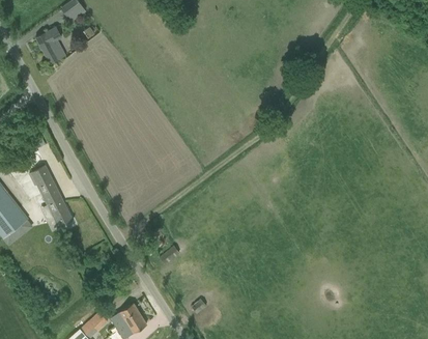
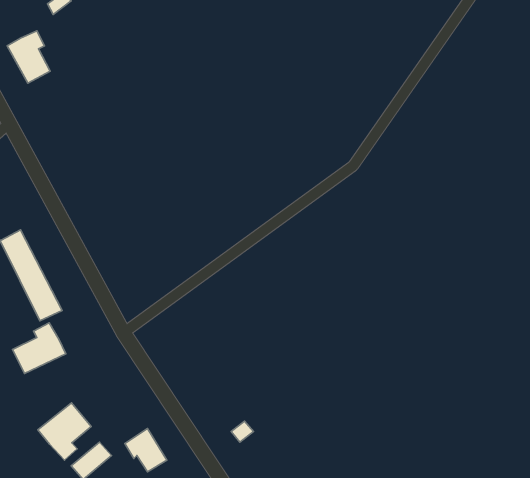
building: none -> [13,323,66,374]
building: none -> [38,403,91,460]

